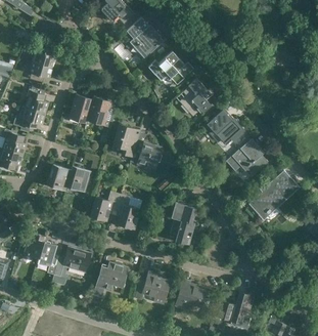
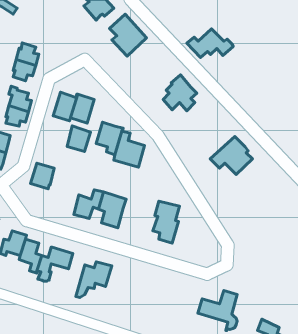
building: [147,51,193,80] -> [187,29,233,58]
building: [203,108,238,141] -> none
building: [66,166,90,192] -> [67,126,91,152]
building: [251,172,296,216] -> none
building: [134,271,169,300] -> none
building: [176,279,211,310] -> none

